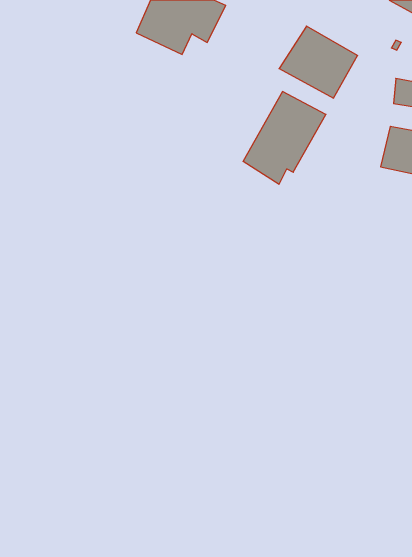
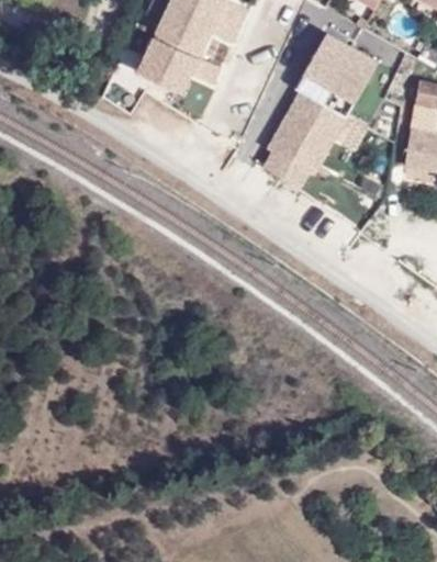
building: none -> [139,33,223,95]

